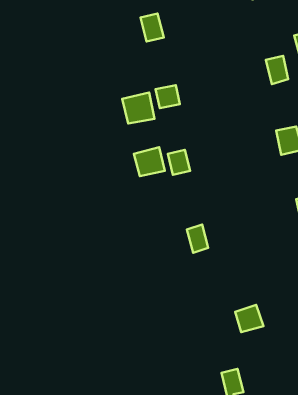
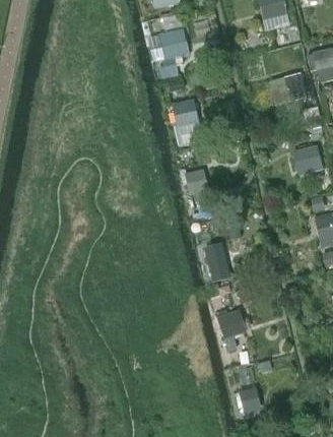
building: [122,92,155,124] -> none
building: [134,147,165,176] -> none
building: [235,305,263,332] -> [218,312,247,339]

